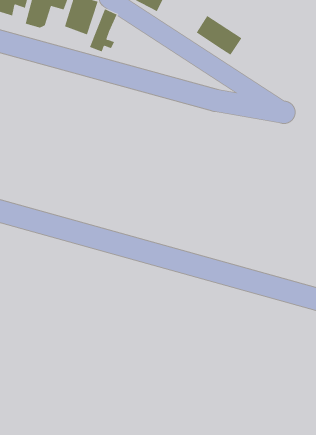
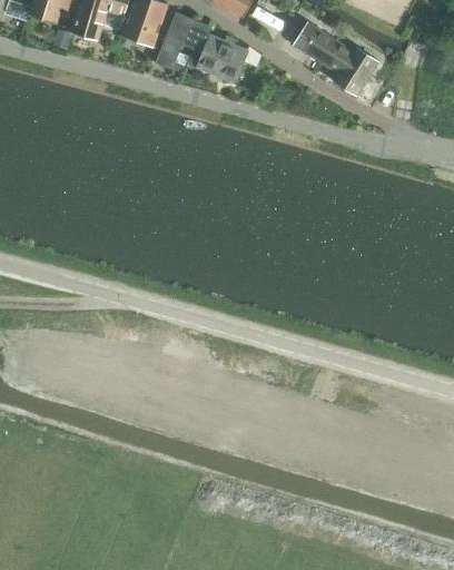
building: none -> [181,19,247,81]
building: none -> [333,45,377,95]

